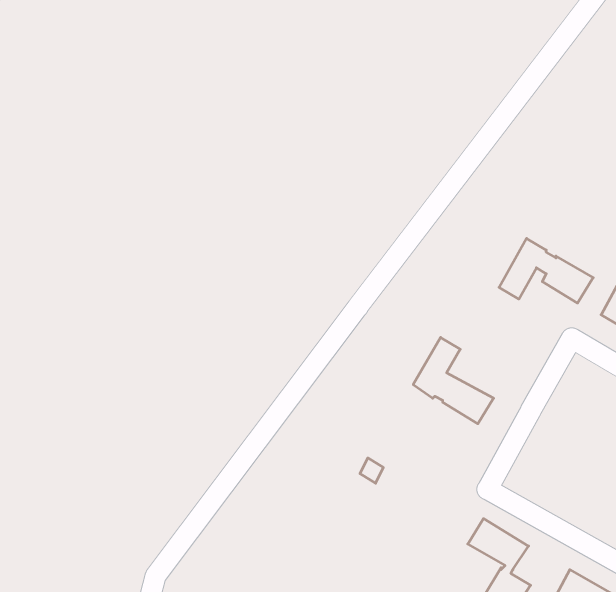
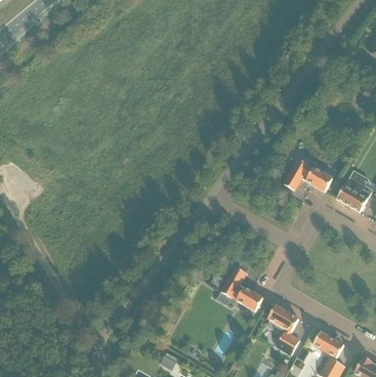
building: [413,337,494,424] -> [221,266,263,311]

